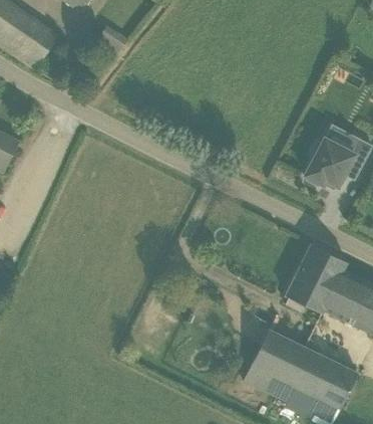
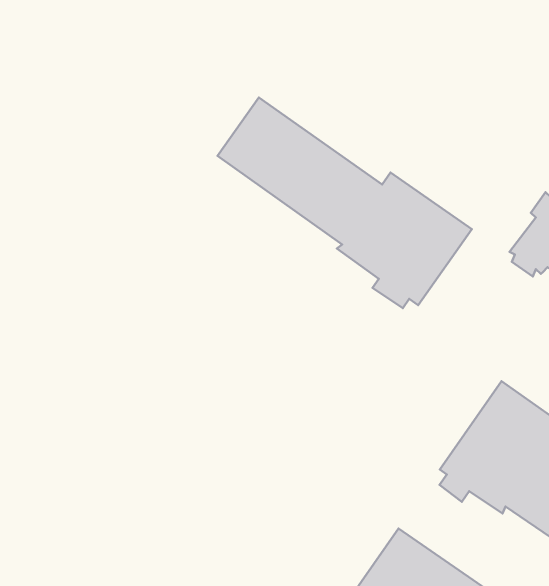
building: none -> [217,98,472,308]

